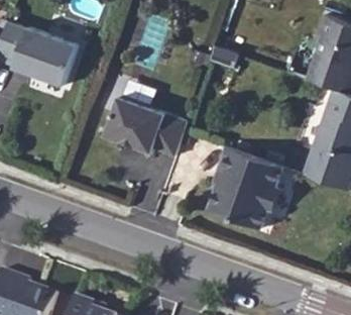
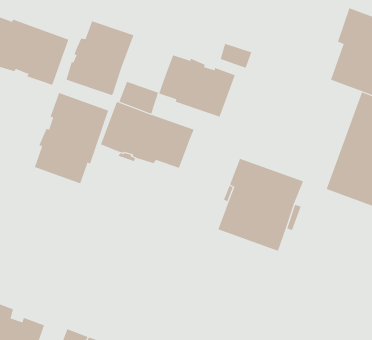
building: none -> [66,20,134,96]
building: none -> [158,54,235,118]
building: none -> [34,92,109,184]

